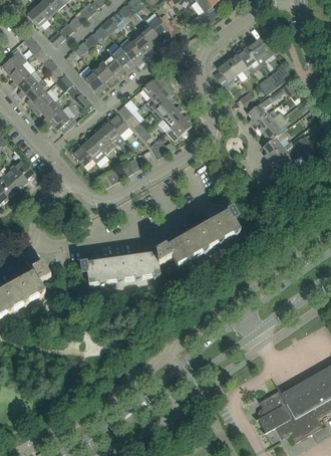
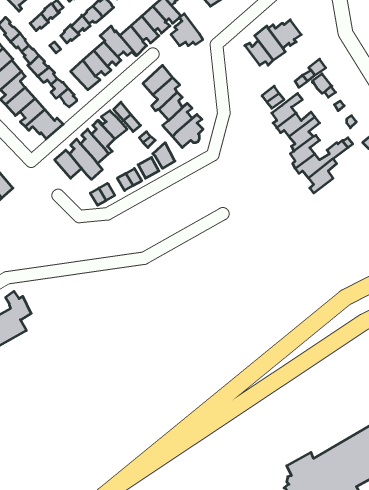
building: [215,57,241,83] -> [171,14,203,46]
building: [81,208,241,284] -> none

